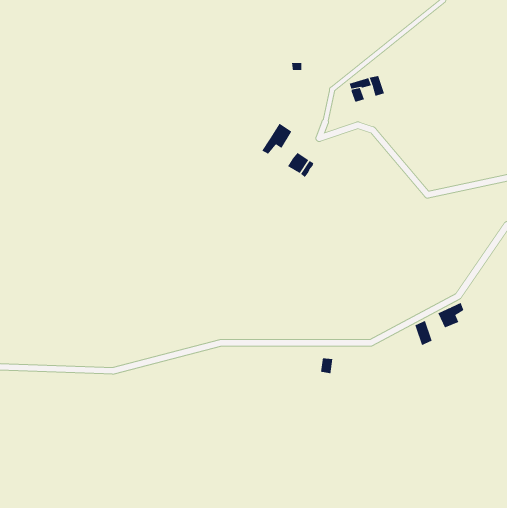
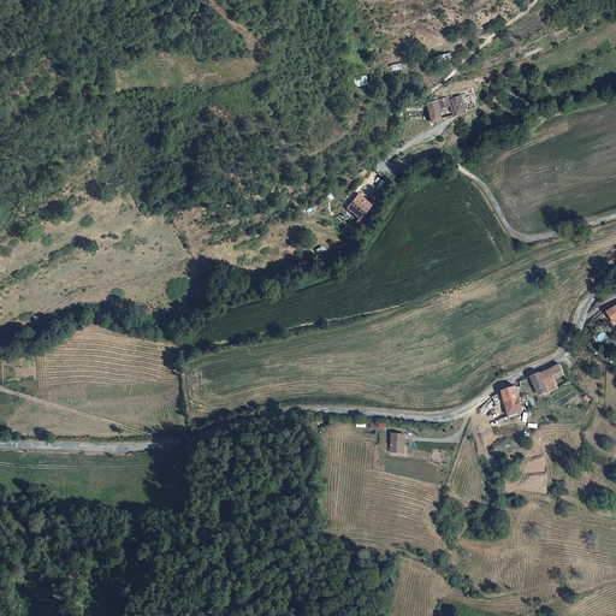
building: [261,123,292,155] -> none

